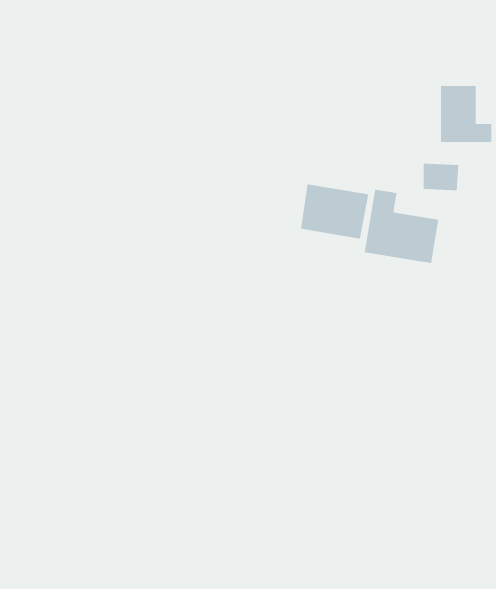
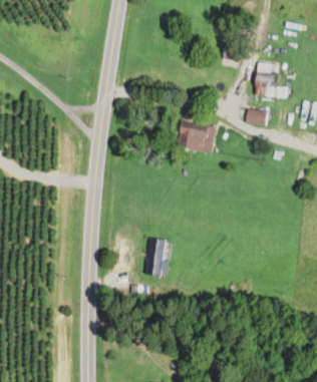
building: [364,189,439,264] -> none
building: none -> [147,237,166,276]

